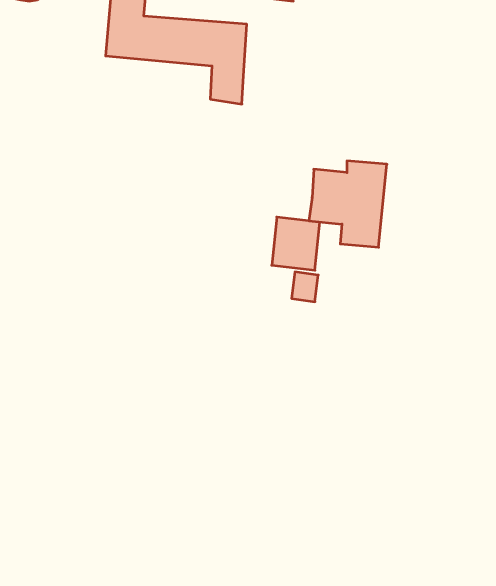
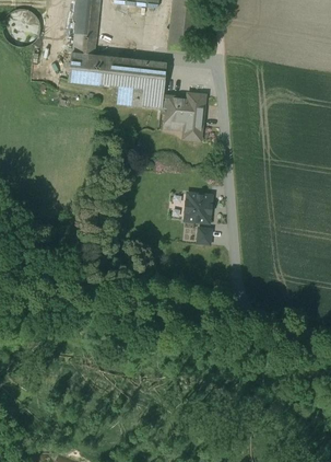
building: [309,161,387,247] -> [159,90,211,147]

